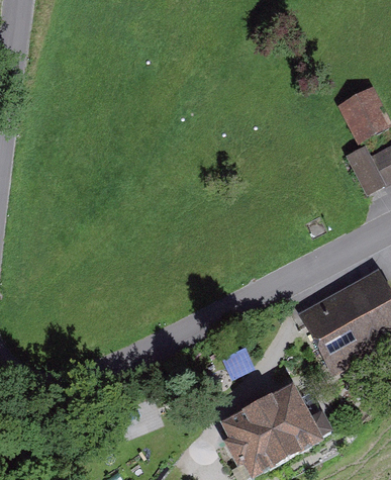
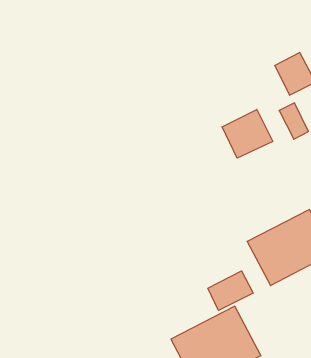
building: none -> [222,109,273,158]
building: none -> [208,271,253,310]

